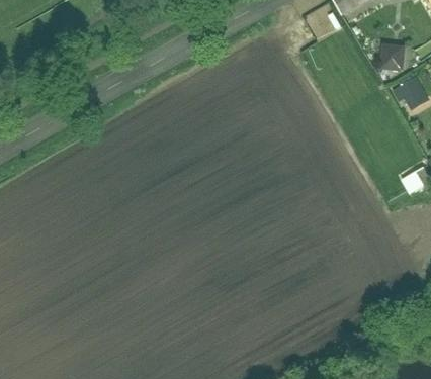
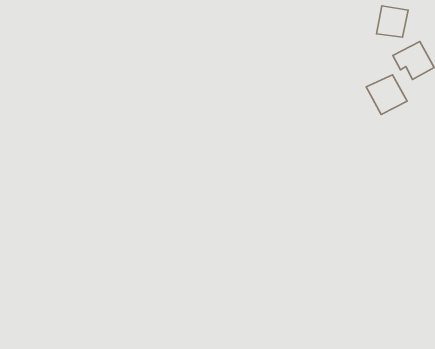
building: none -> [366,75,407,114]

